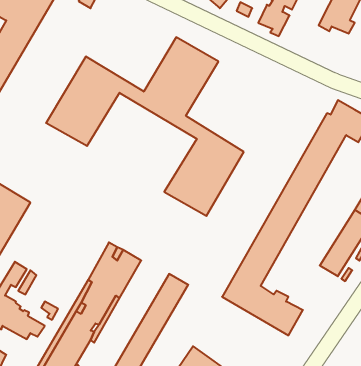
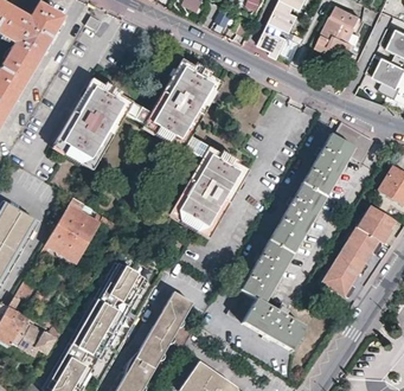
building: none -> [44,196,123,261]

